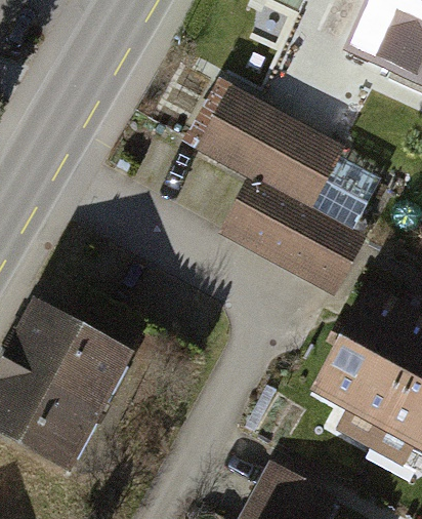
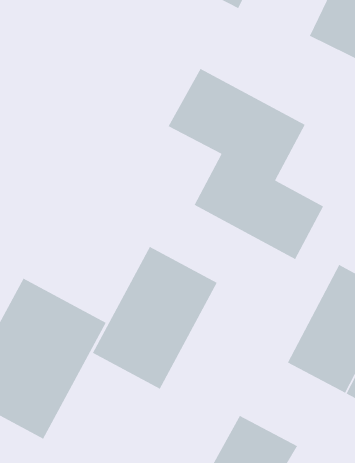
building: none -> [92,246,218,390]

